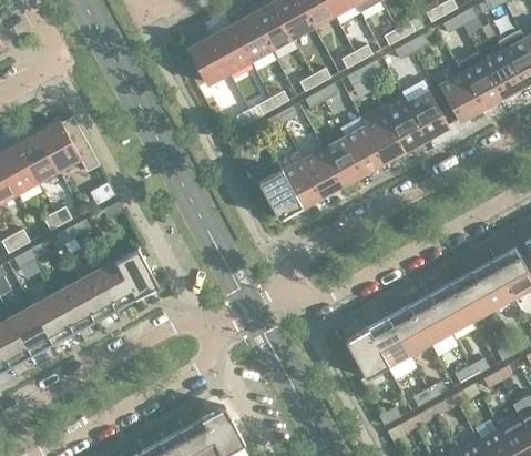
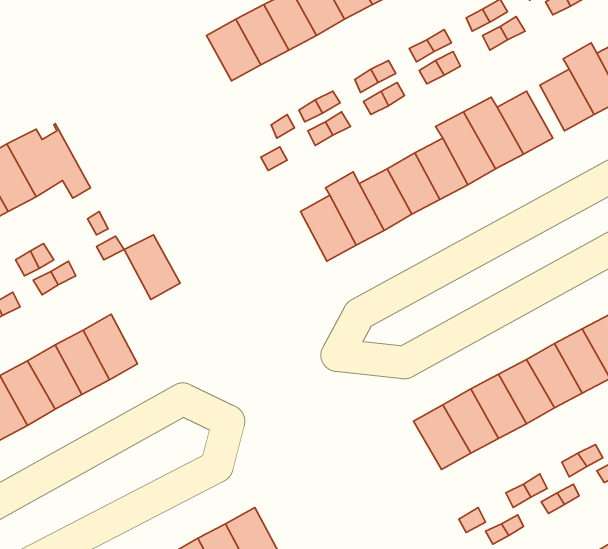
building: [115,249,157,297] -> [124,235,180,299]

